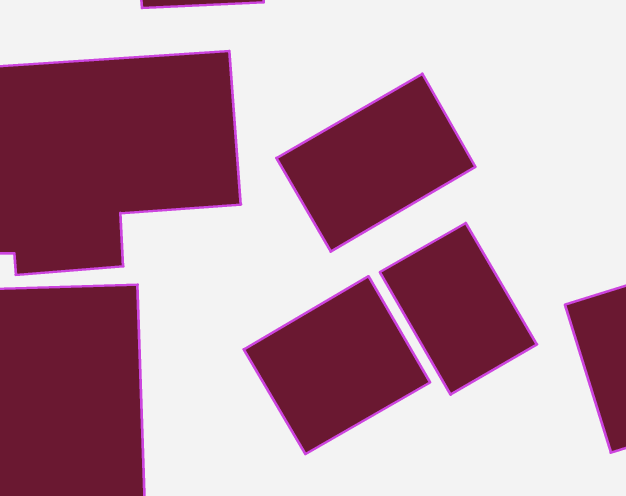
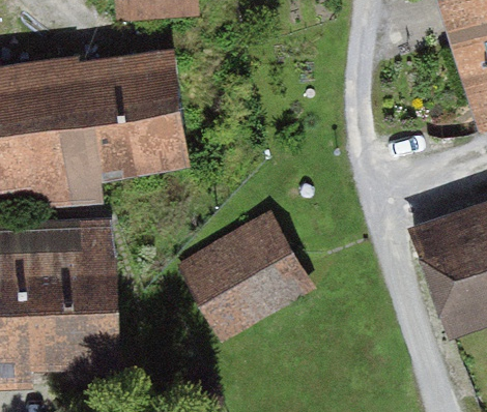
building: [276,74,475,252] -> none
building: [380,223,537,395] -> none

